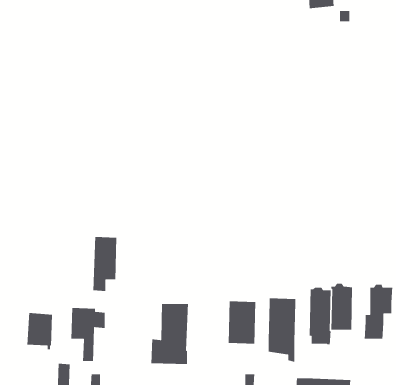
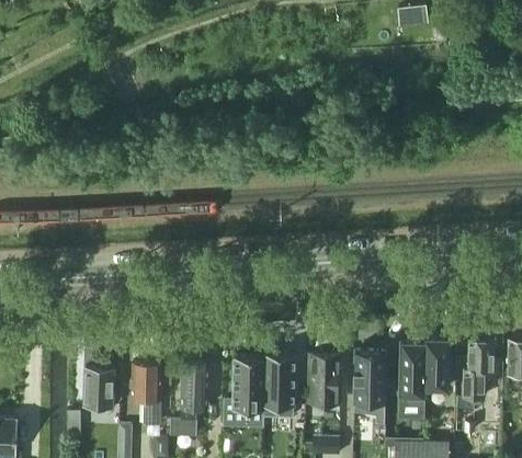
building: [93,236,117,292] -> [180,360,207,423]
building: none -> [263,356,295,421]

